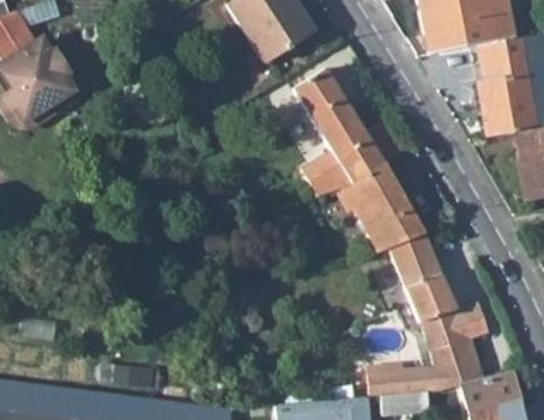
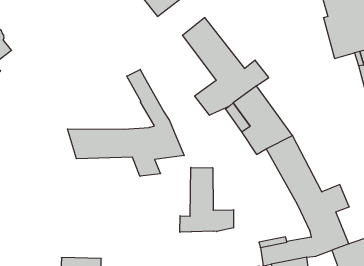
building: none -> [67,69,184,176]
building: none -> [180,167,234,232]

